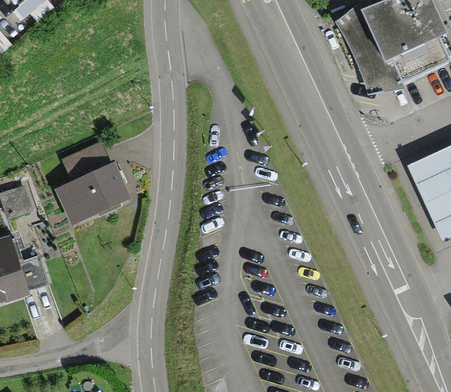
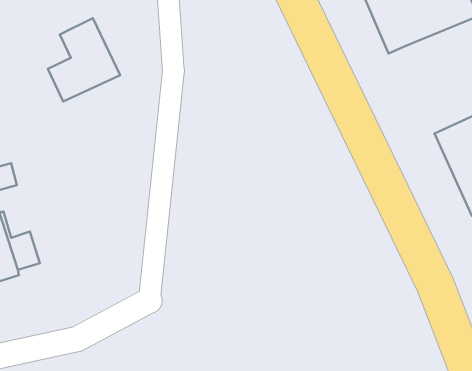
building: [57,146,123,222] -> [48,18,120,102]

